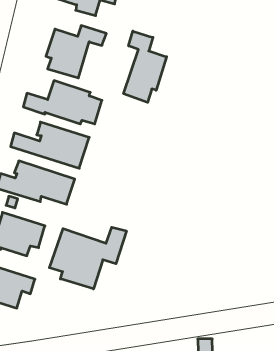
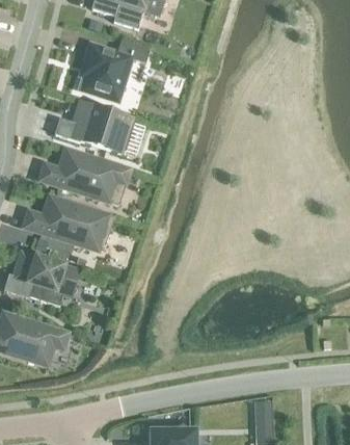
building: [124,31,167,102] -> none
building: [49,227,126,289] -> none

